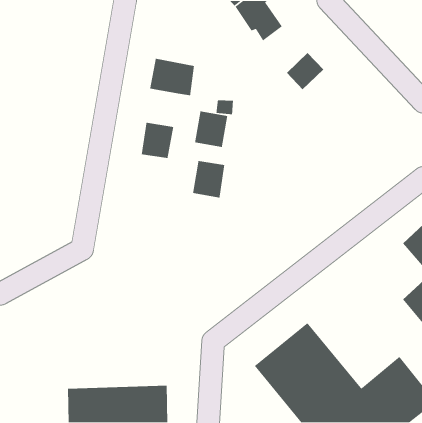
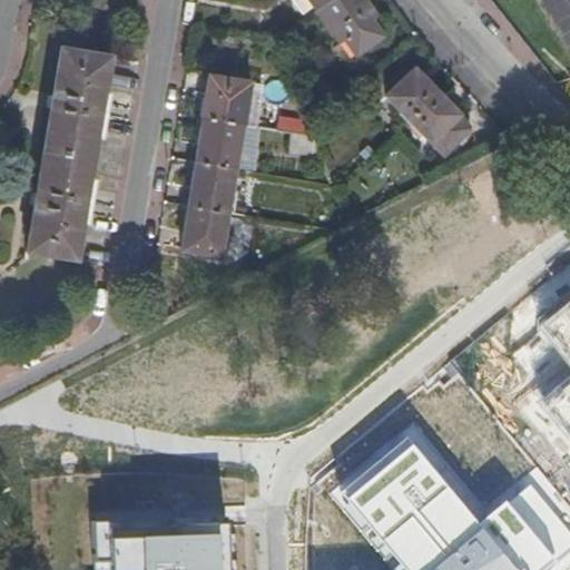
building: none -> [28,50,111,261]
building: none -> [409,94,460,145]
building: [194,111,228,148] -> [198,120,244,170]
building: [192,160,225,198] -> [184,208,228,259]

